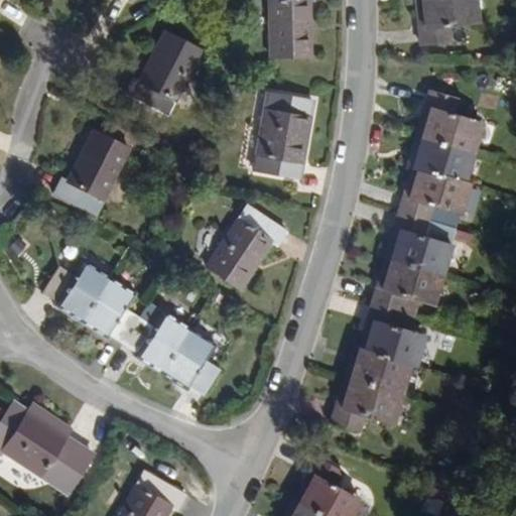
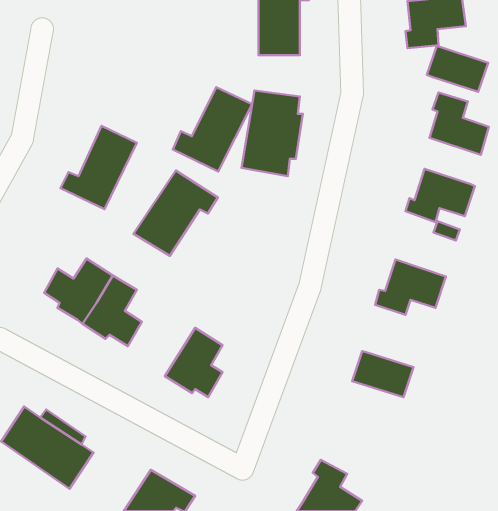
building: [131,27,211,112] -> [173,87,252,172]
building: [420,138,482,184] -> [427,46,488,92]
building: [195,211,279,296] -> [133,170,218,256]
building: [396,212,457,277] -> none
building: [367,305,427,369] -> none
building: [128,311,196,377] -> none
building: [334,382,404,435] -> none

